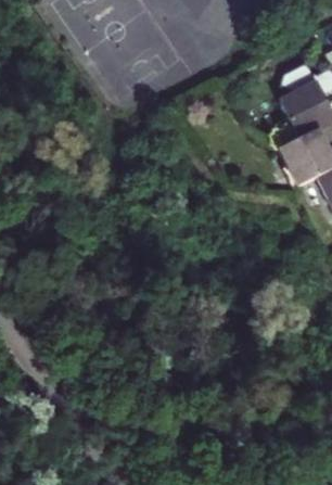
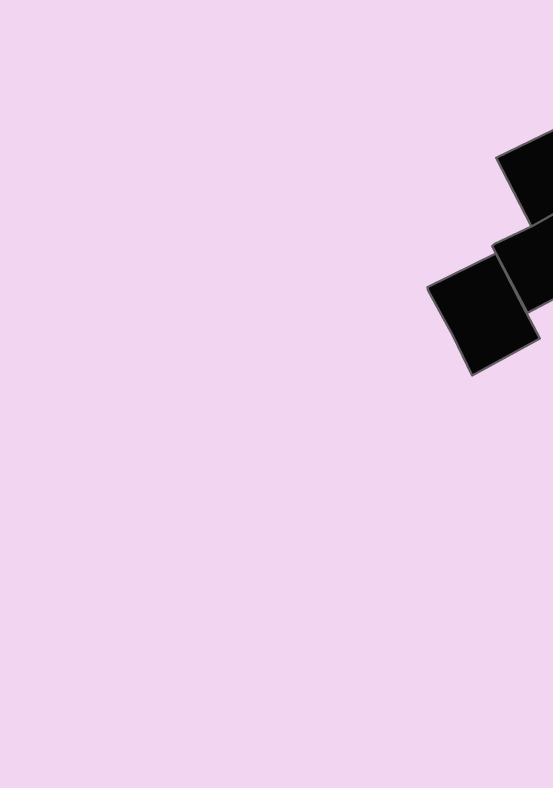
building: none -> [428,253,540,376]

